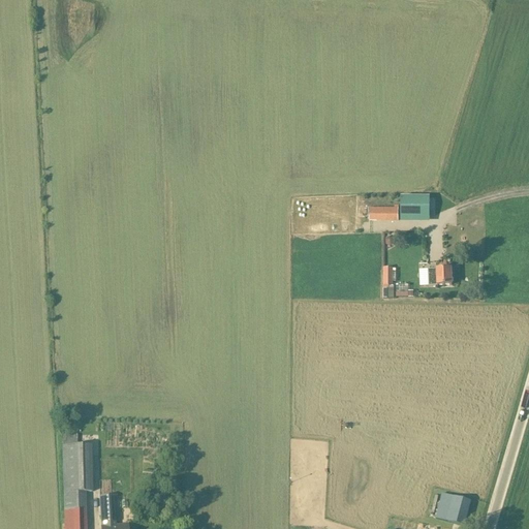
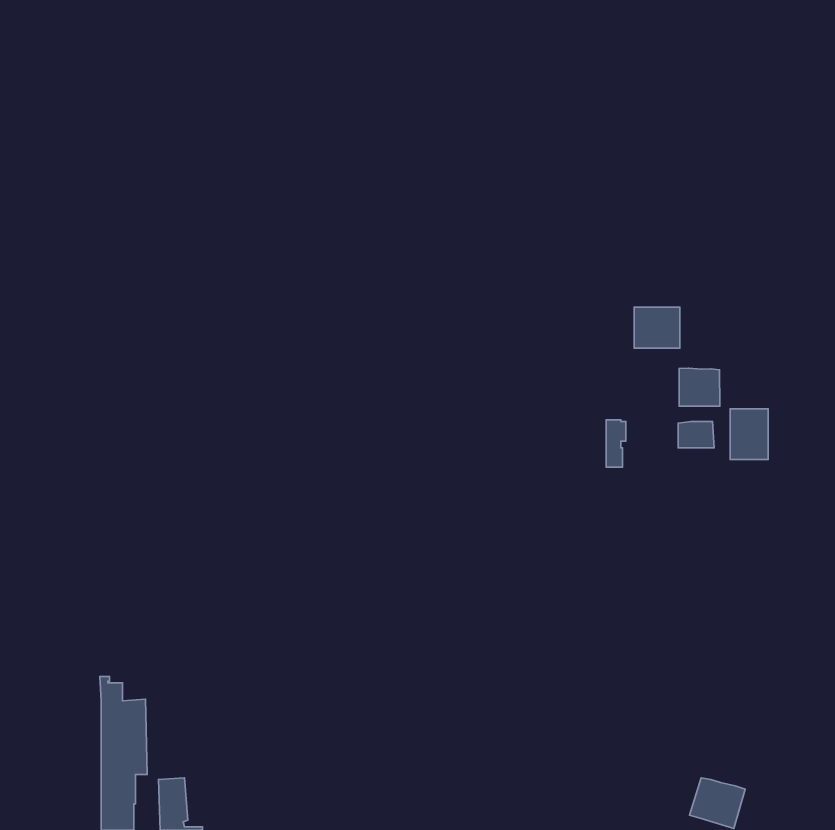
building: [369,203,399,219] -> none
building: none -> [679,368,720,406]
building: none -> [730,409,768,460]

